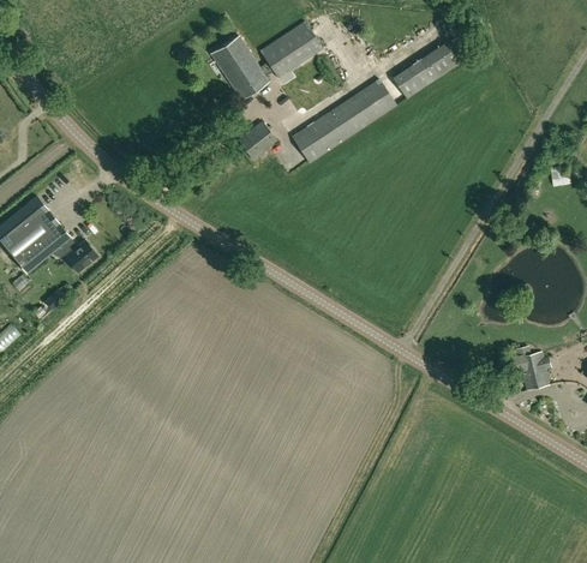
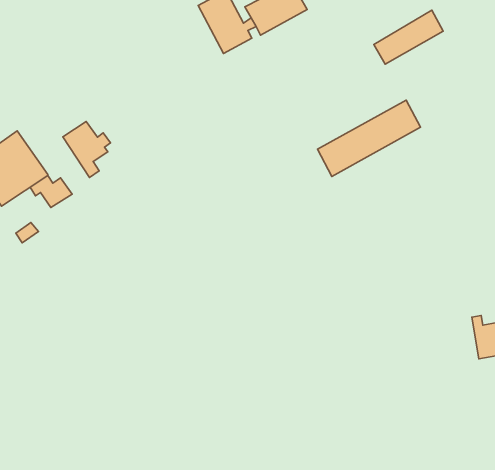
building: [292,78,395,162] -> [318,100,421,176]
building: [238,121,276,160] -> none
building: none -> [63,122,111,177]

